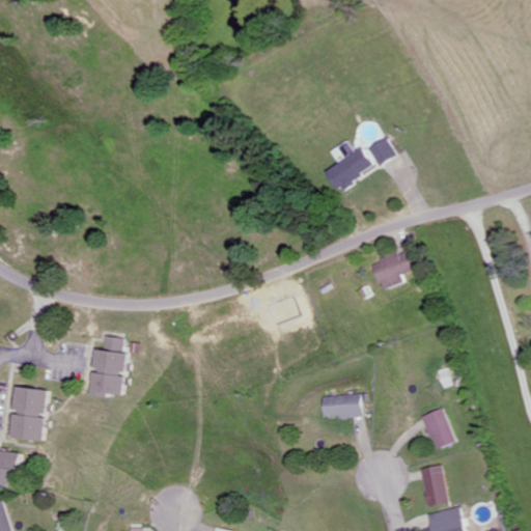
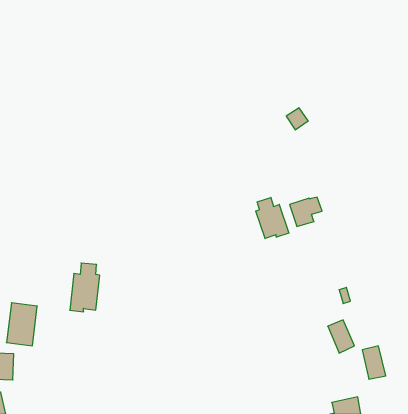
building: [322,149,371,190] -> none
building: none -> [256,197,289,239]
building: [318,394,364,417] -> none
building: [417,465,447,507] -> [362,346,386,379]

